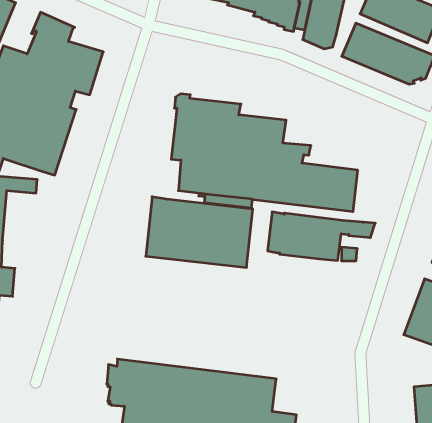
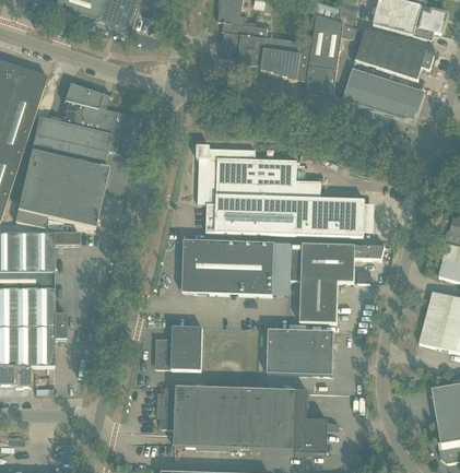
building: none -> [300,280,338,322]
building: none -> [156,326,203,369]
building: none -> [267,329,333,375]

